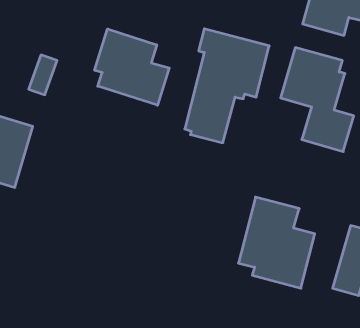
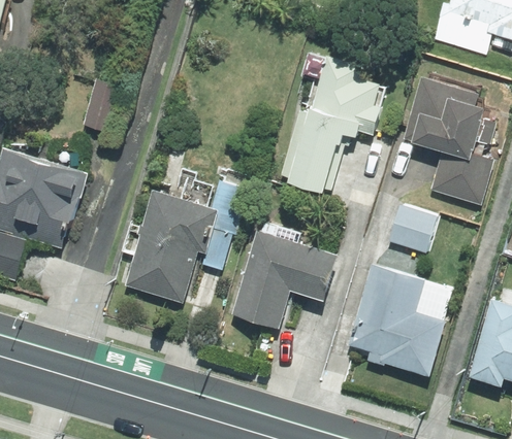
building: [95,29,169,105] -> none
building: none -> [123,176,249,300]
building: none -> [388,202,441,254]
building: none -> [230,221,335,331]

